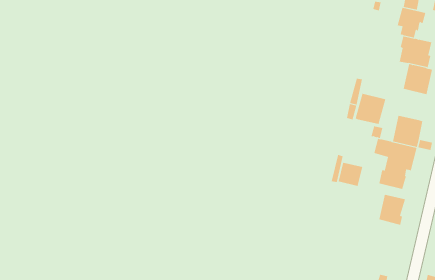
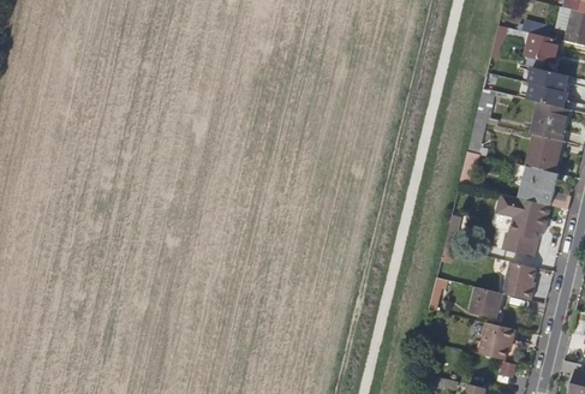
building: [355,93,386,124] -> [524,133,562,172]
building: [338,162,363,186] -> [470,288,501,318]
building: none -> [478,323,514,359]

